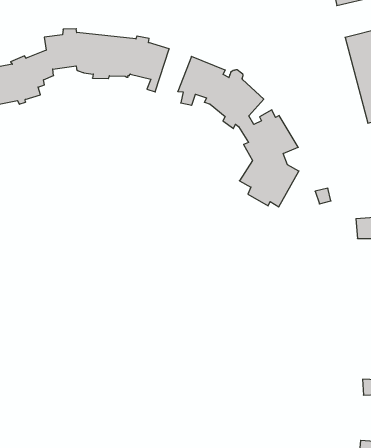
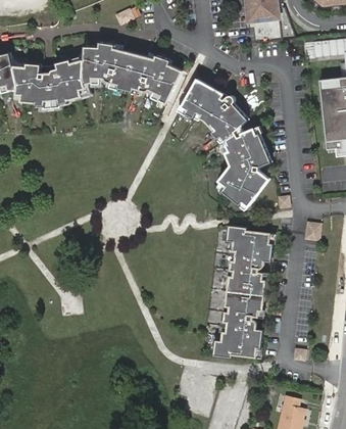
building: none -> [216,229,270,356]

